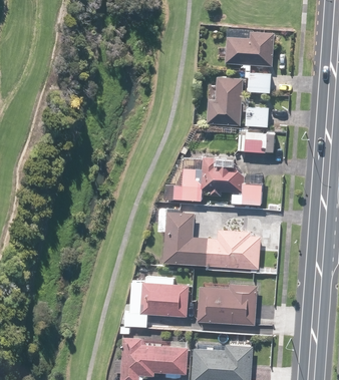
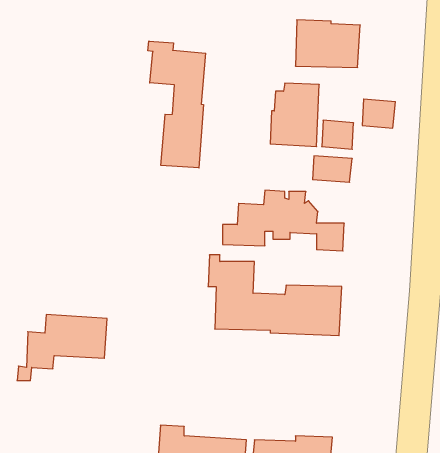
building: none -> [148,41,206,168]
building: [248,72,273,94] -> [362,99,395,128]
building: [120,283,189,333] -> [17,315,107,381]
building: [198,284,259,324] -> none

